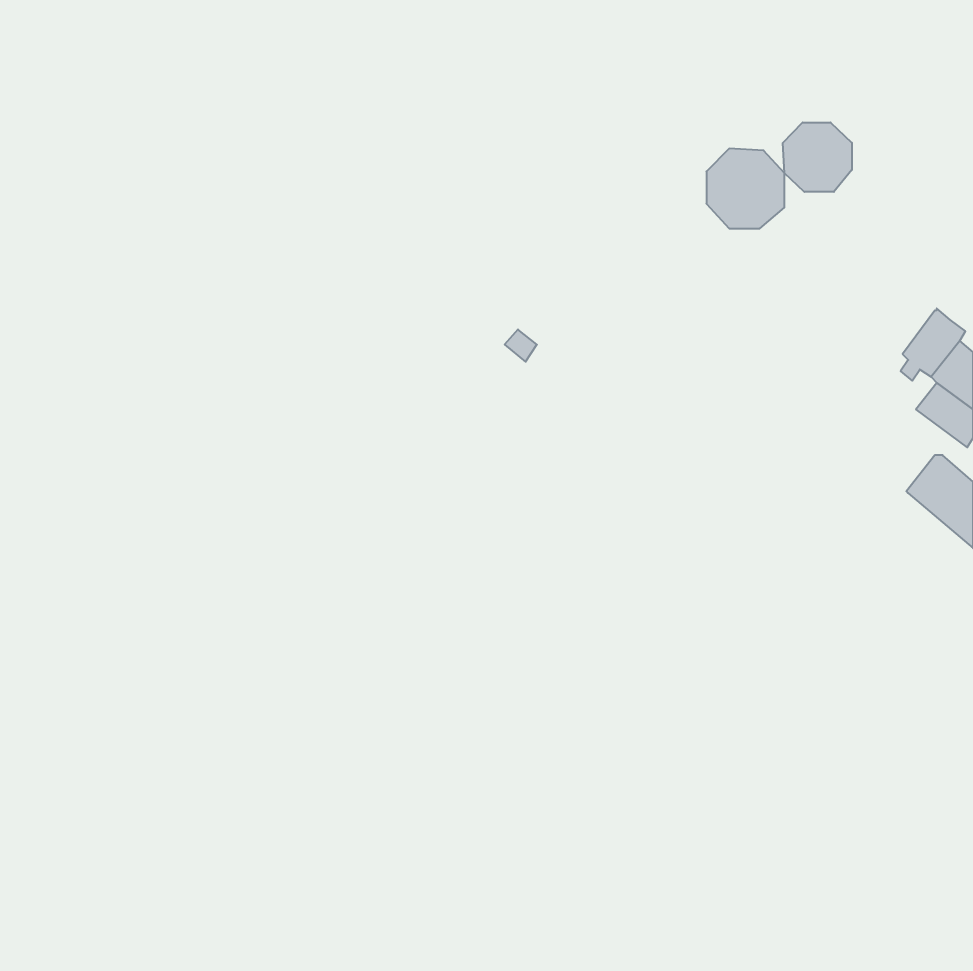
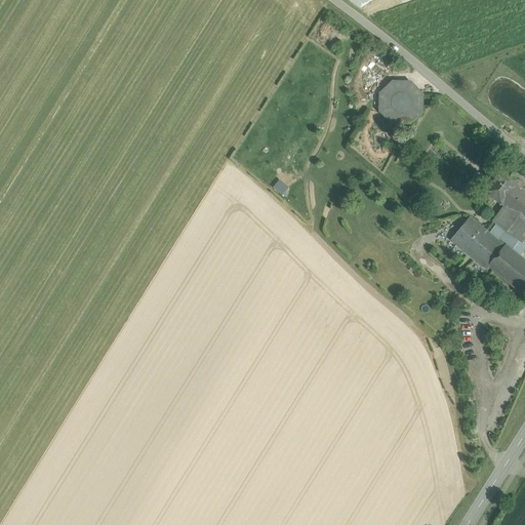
building: [783,122,852,192] -> none
building: none -> [452,217,503,268]

